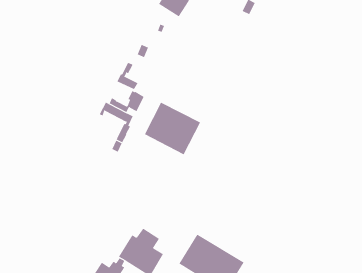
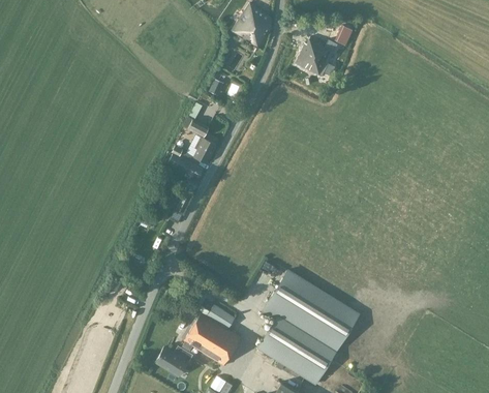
building: none -> [296,37,337,75]
building: [144,102,201,155] -> none
building: none -> [267,271,359,347]

